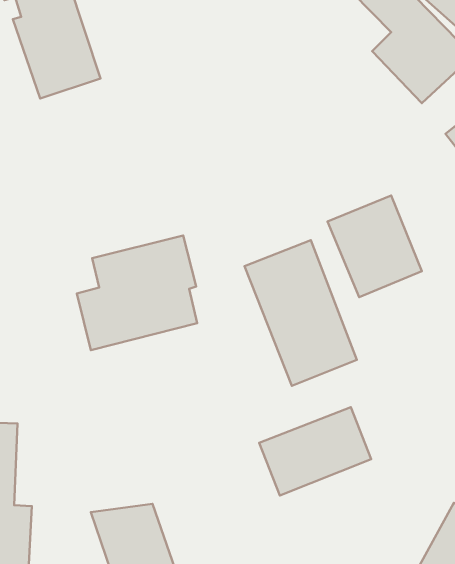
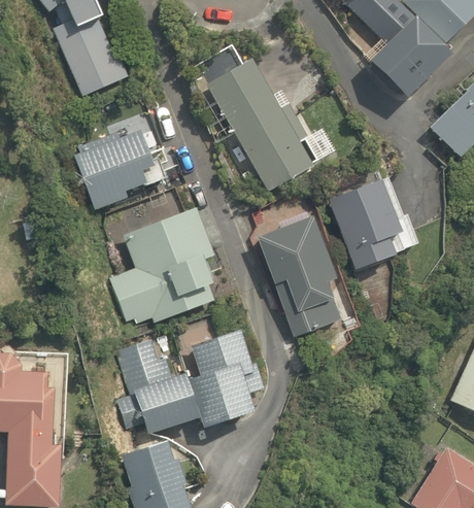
building: none -> [215,65,315,195]
building: none -> [73,123,157,208]
building: none -> [110,323,263,429]
building: [259,407,371,495] -> none

